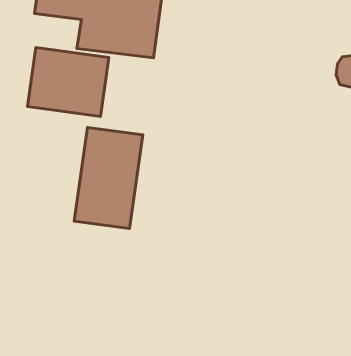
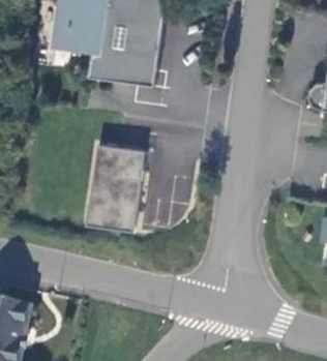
building: [27,47,109,116] -> none

